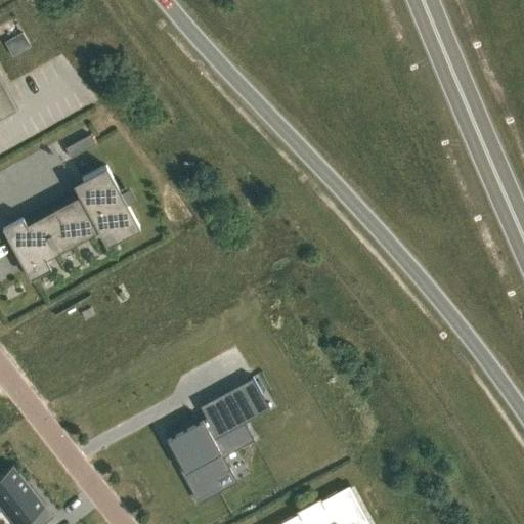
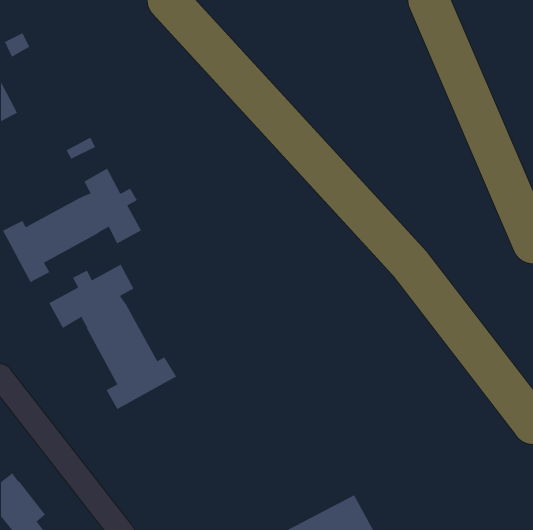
building: none -> [49,264,177,410]
building: [166,379,268,501] -> none

